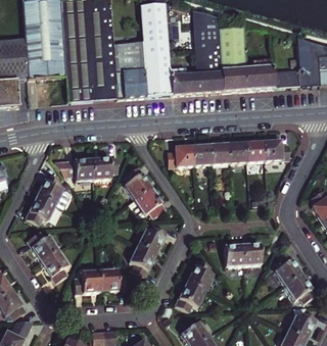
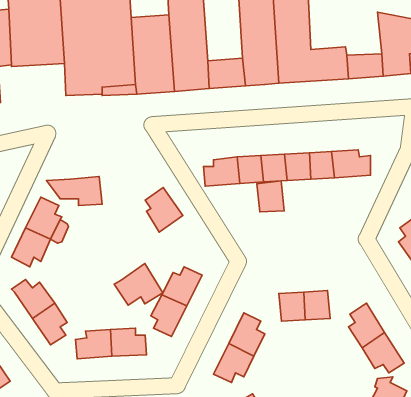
building: [91,158,118,180] -> none
building: none -> [257,181,284,212]
building: [130,188,166,218] -> [114,263,163,305]

